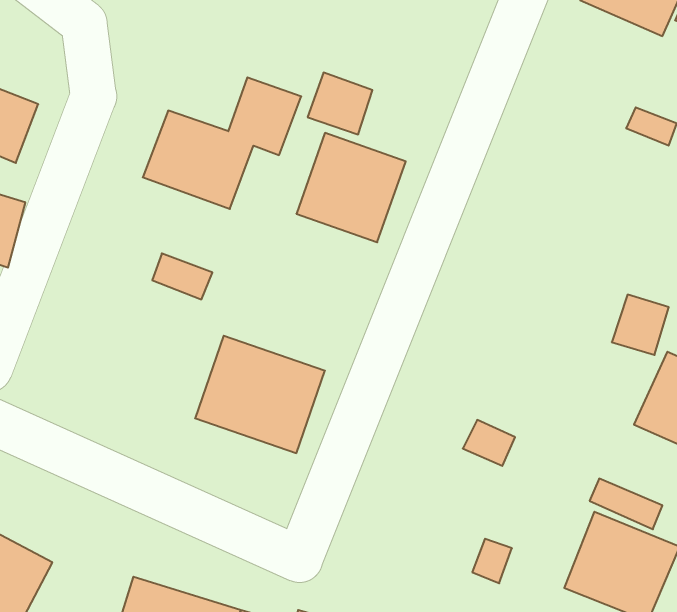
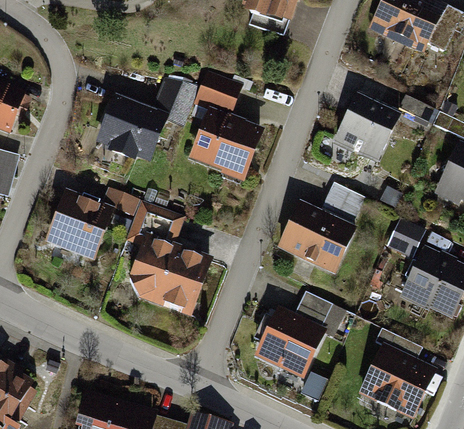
building: none -> [334,100,393,163]
building: none -> [324,183,366,221]
building: none -> [50,196,110,256]
building: none -> [133,203,181,242]
building: none -> [280,205,351,273]
building: none -> [257,309,321,370]

